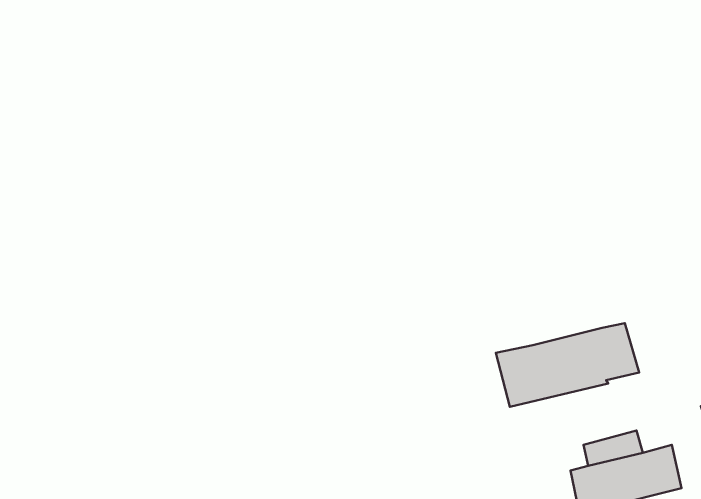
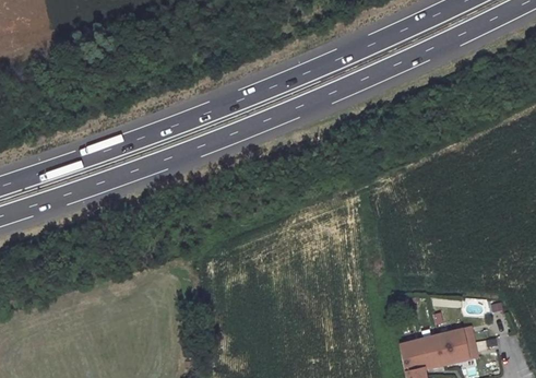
building: [496,323,639,407] -> none

